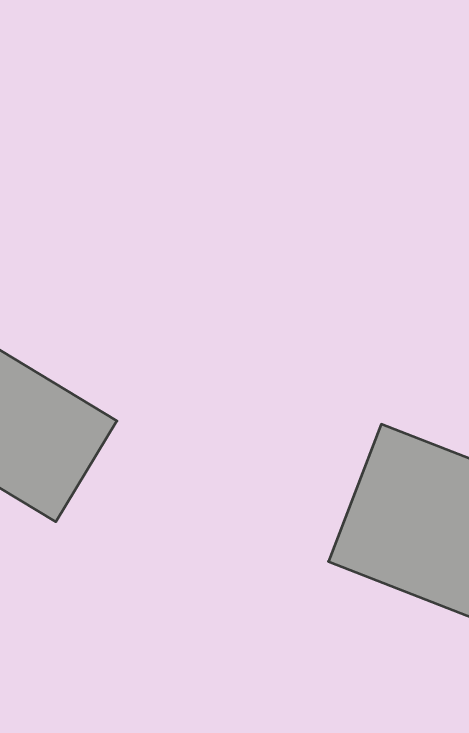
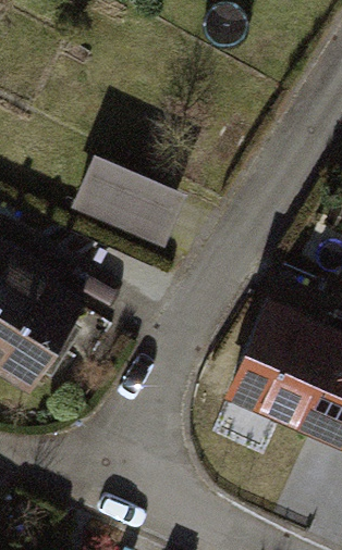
building: none -> [72,154,186,243]

